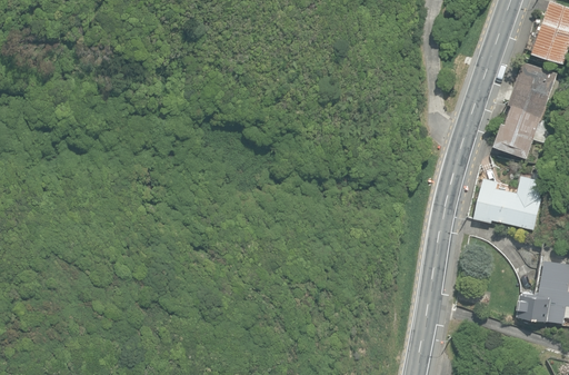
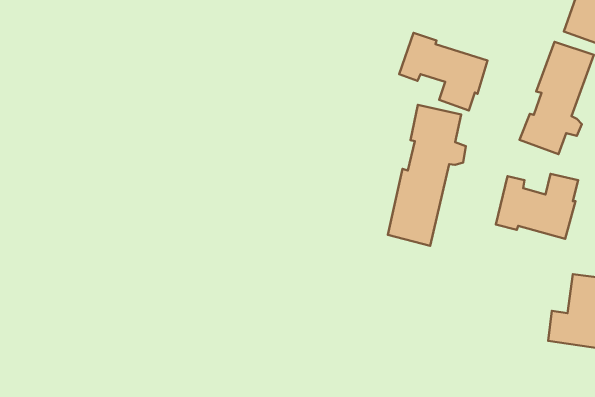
building: none -> [399,33,487,110]
building: none -> [388,105,466,246]

